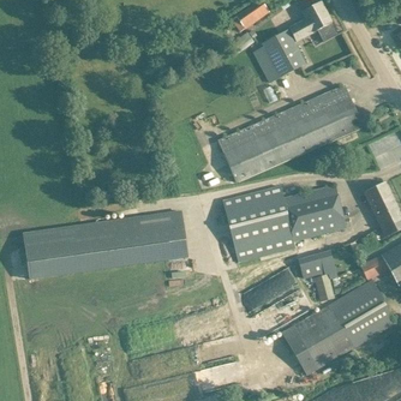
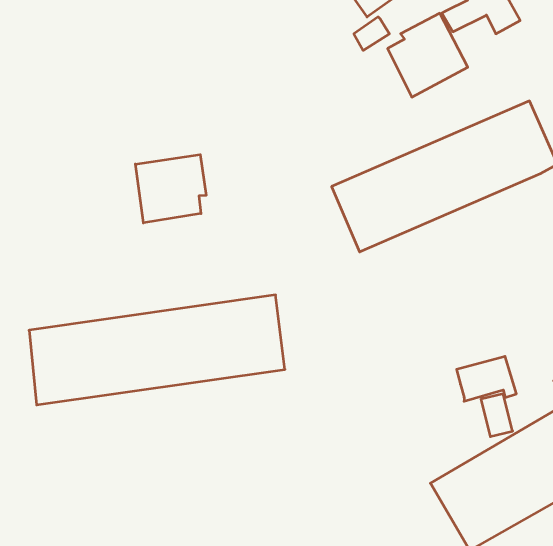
building: none -> [135,155,206,223]
building: [225,184,347,261] -> none
building: [241,270,297,307] -> none

